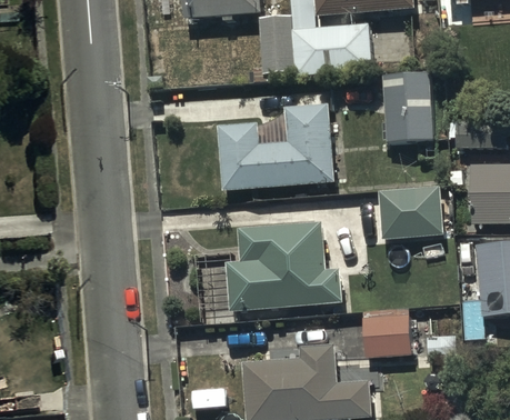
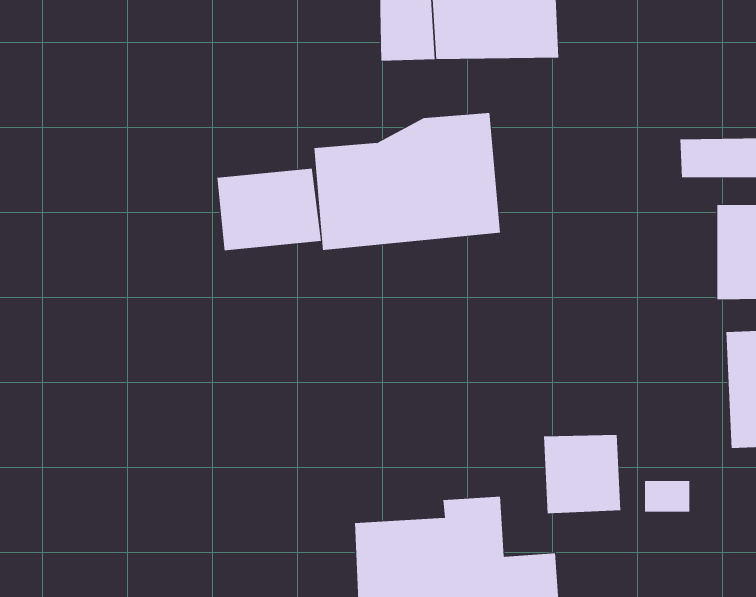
building: [380,70,430,141] -> none
building: none -> [217,168,322,251]
building: [379,186,442,237] -> none
building: [226,222,341,311] -> none

